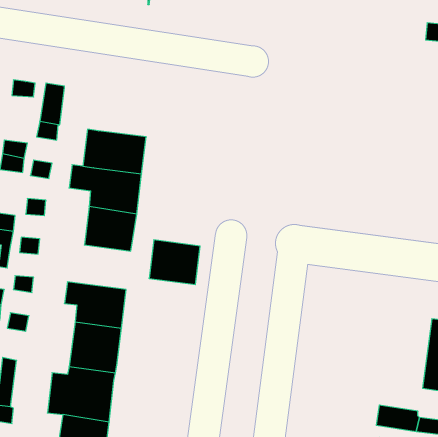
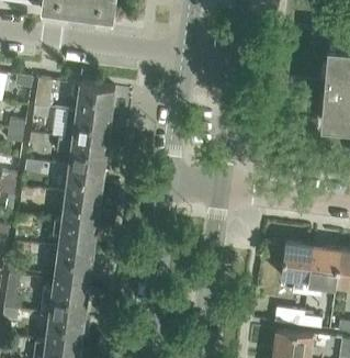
building: none -> [71,83,114,116]
building: [149,240,200,285] -> [63,193,99,225]
building: none -> [280,242,313,295]

